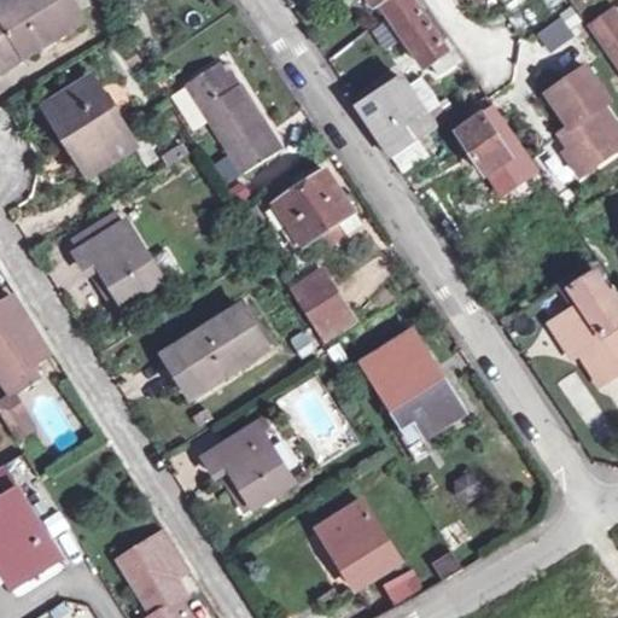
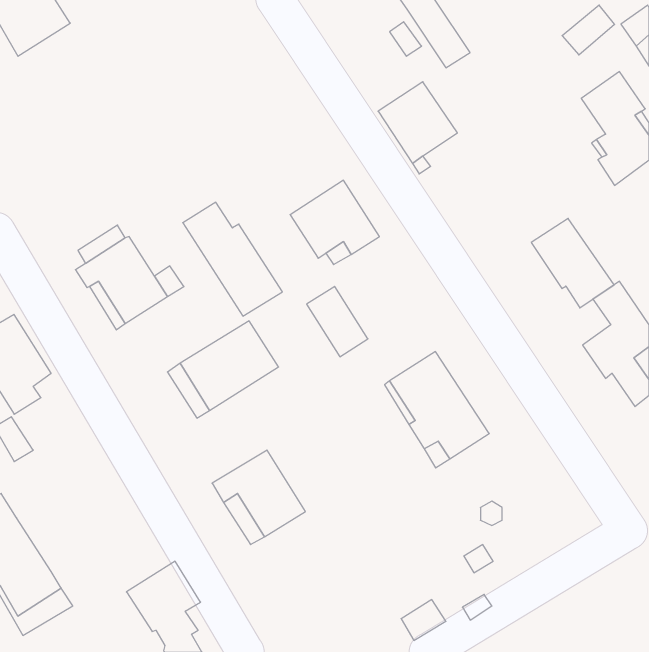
building: [186,65,280,173] -> [183,202,282,316]
building: [51,77,127,169] -> none
building: [457,104,536,188] -> [531,218,614,308]
building: [313,501,393,585] -> none

